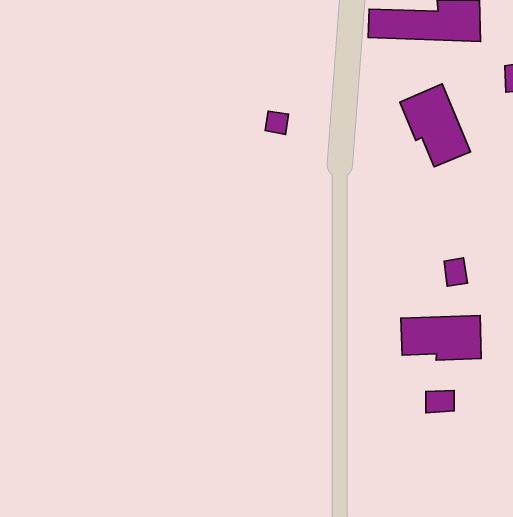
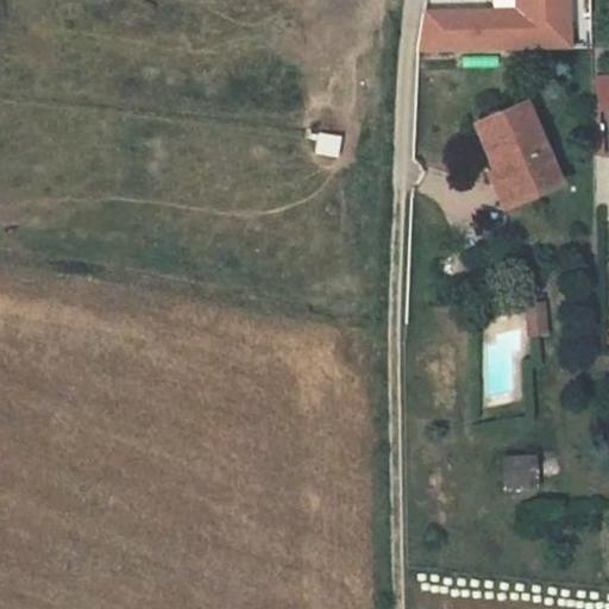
building: [401,315,481,360] -> none

